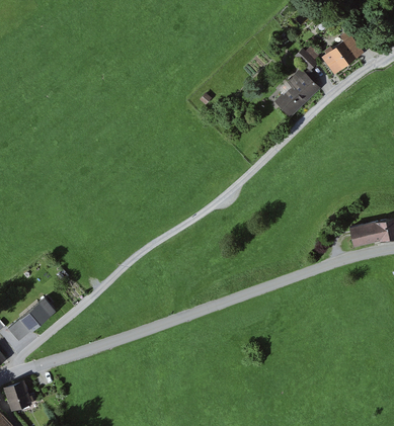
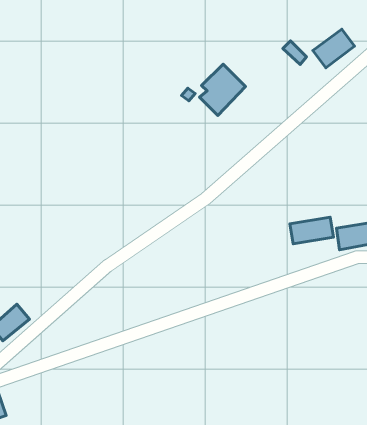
building: [275,69,319,117] -> [200,64,245,115]
building: none -> [290,217,333,244]

